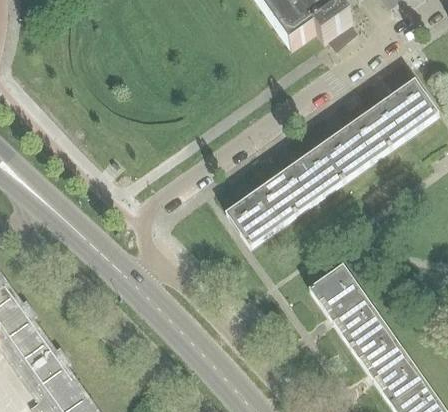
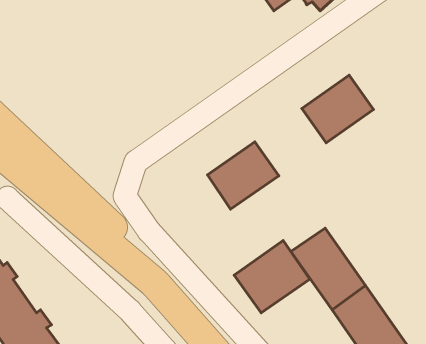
building: [367,80,438,147] -> none
building: [273,146,344,213] -> none
building: none -> [234,240,310,313]

